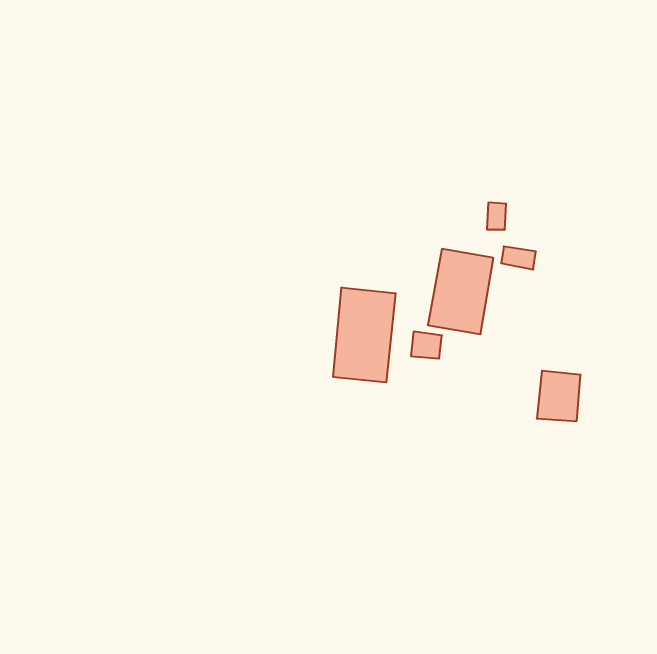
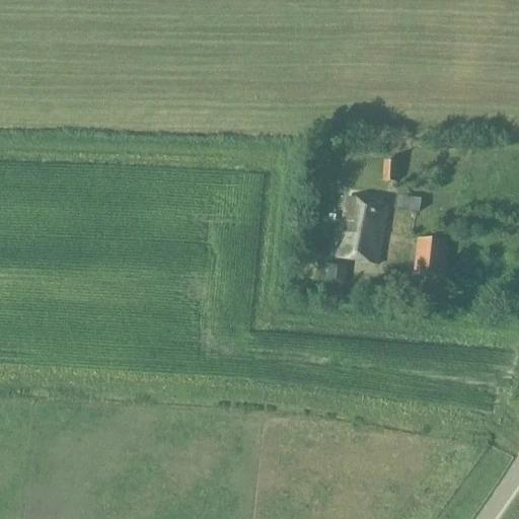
building: [333,287,396,382] -> none
building: [537,371,581,421] -> [415,237,449,277]

